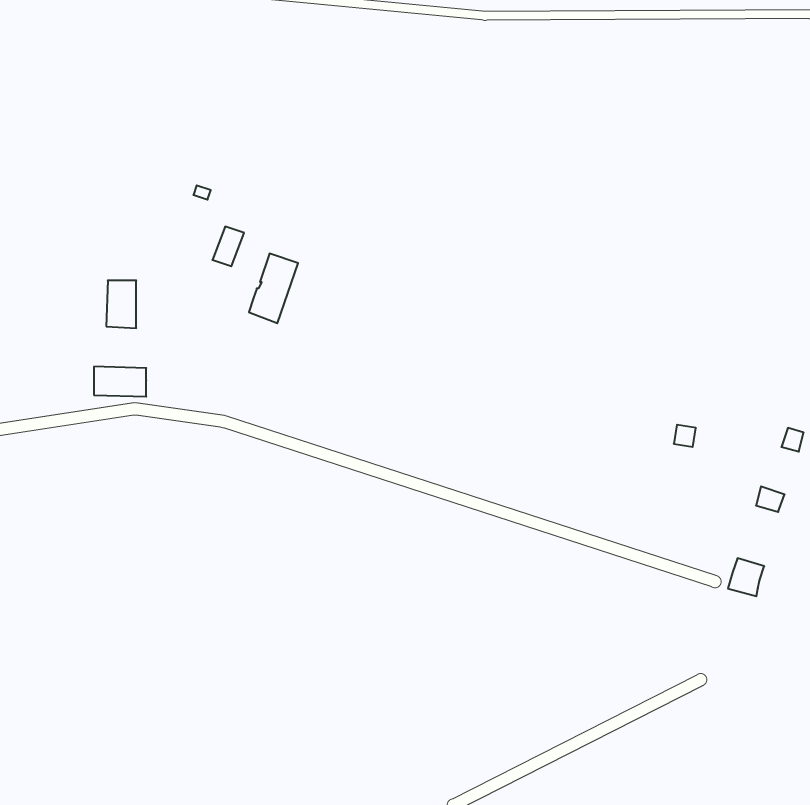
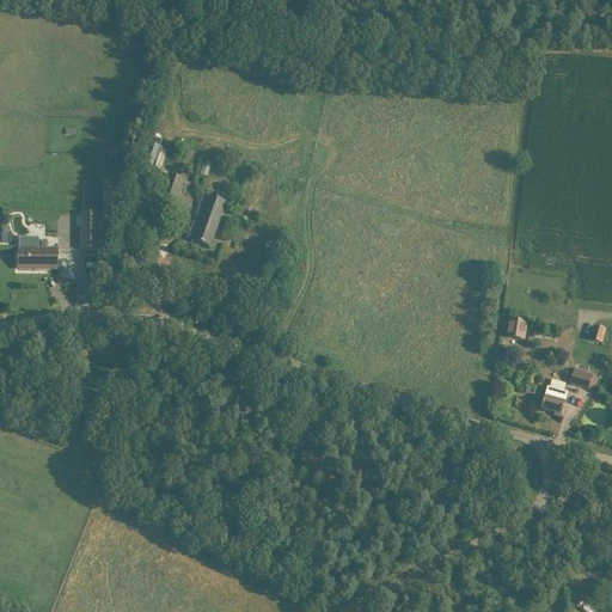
building: [94,367,146,397] -> [18,244,57,267]
building: [728,558,764,596] -> [540,384,568,412]

